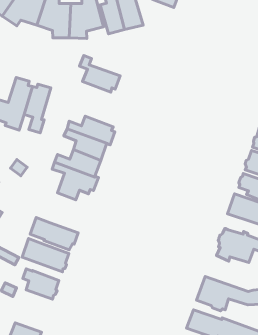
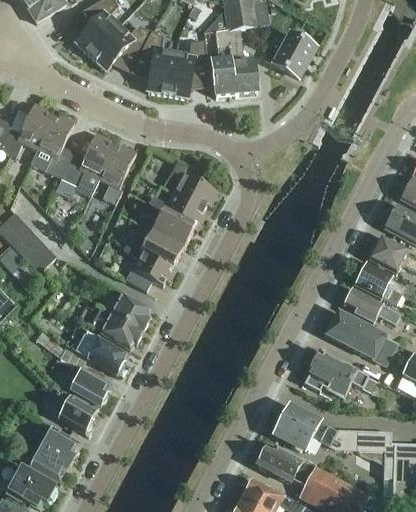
building: [79,56,120,92] -> [171,160,218,209]
building: none -> [111,293,151,330]
building: none -> [57,392,97,432]

